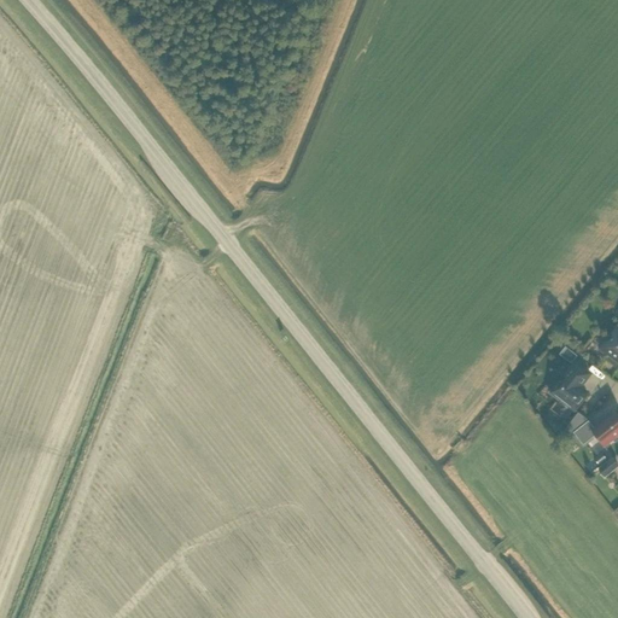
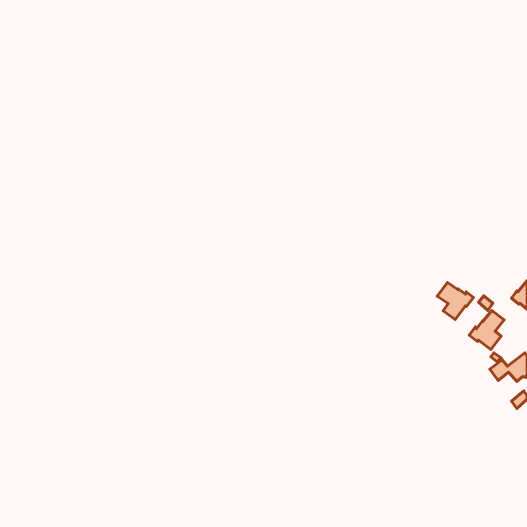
building: none -> [437,283,473,320]

